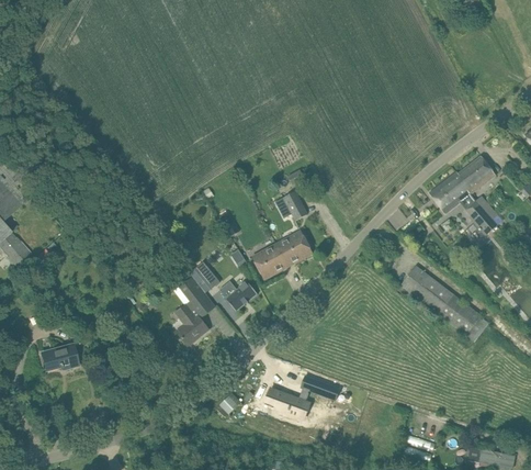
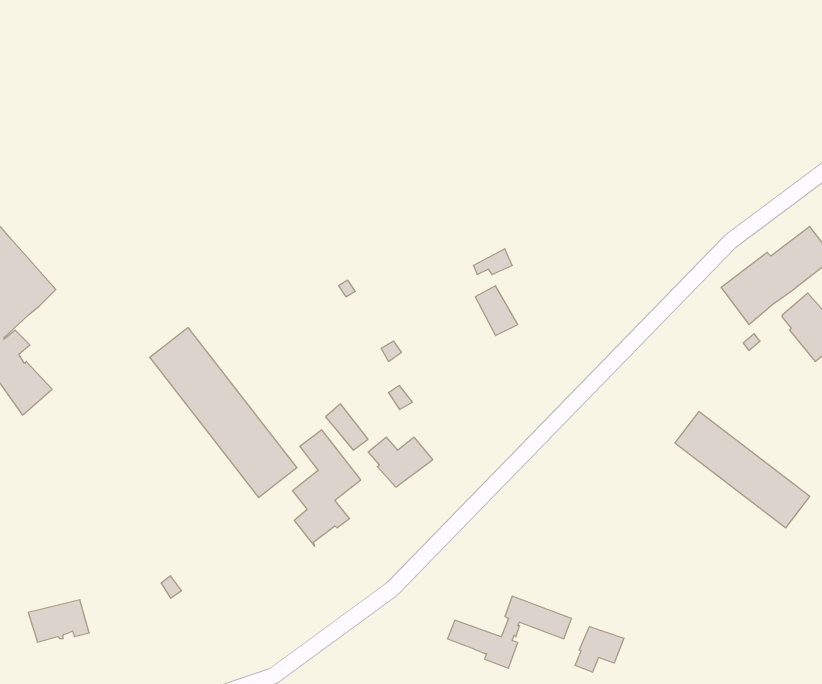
building: none -> [150,328,297,498]
building: [251,231,313,279] -> none
building: [42,345,78,370] -> [28,600,89,642]
building: none -> [575,627,624,672]

